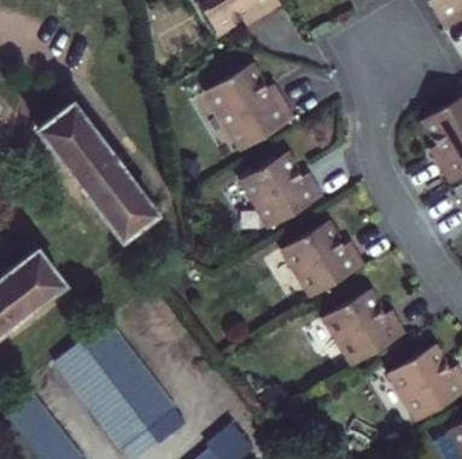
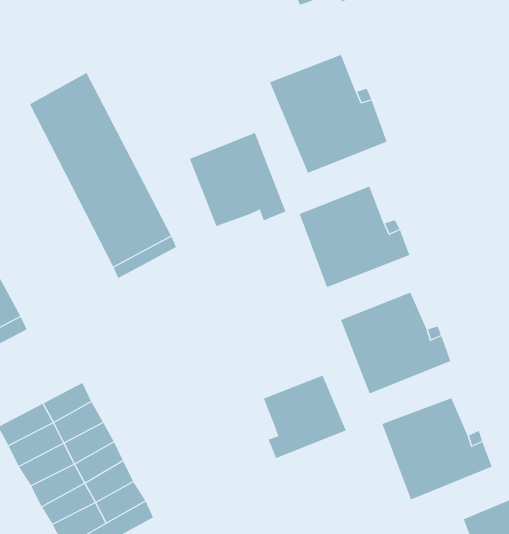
building: none -> [189,132,286,227]
building: none -> [263,375,346,459]

